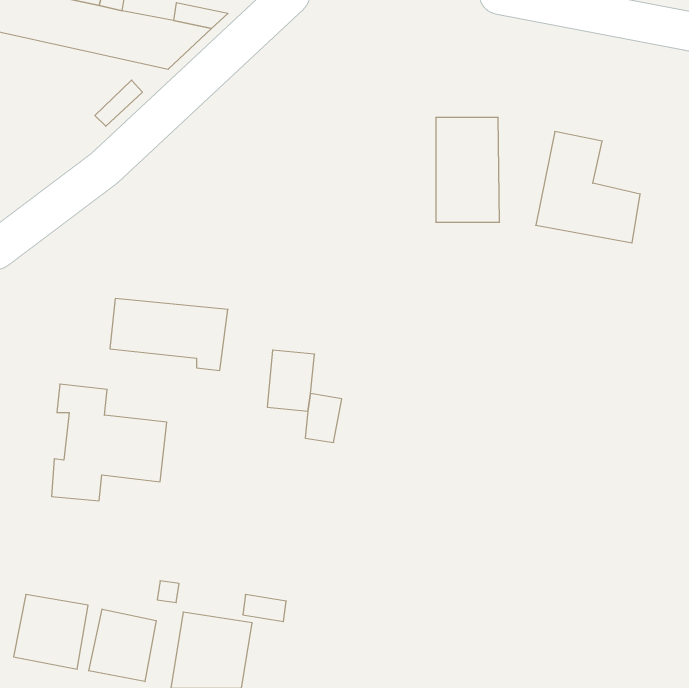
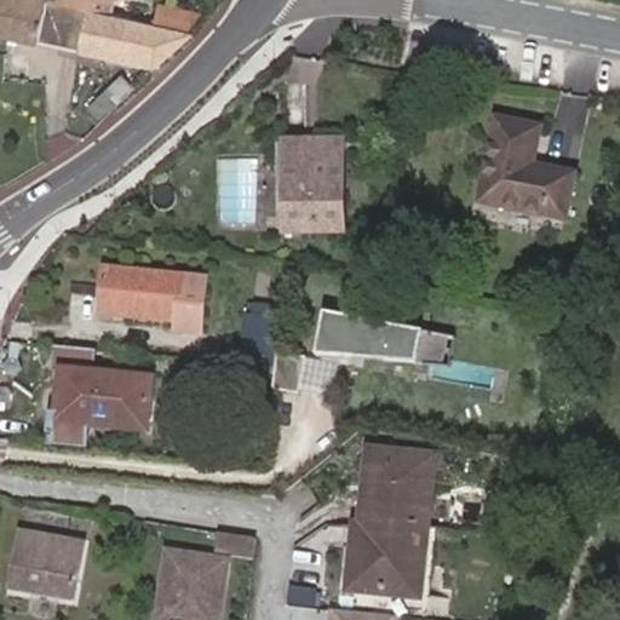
building: [436,118,500,222] -> [283,138,340,231]
building: none -> [316,311,450,363]
building: none -> [346,448,432,595]
building: [89,609,156,682] -> none

